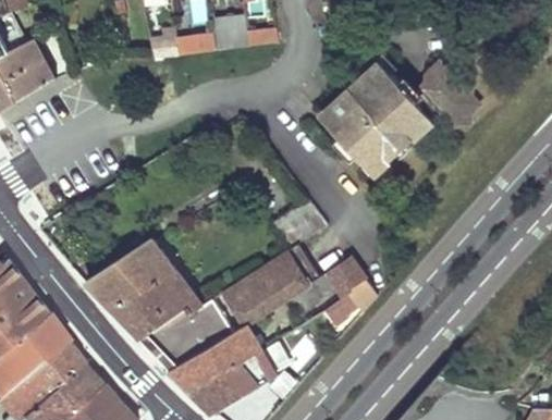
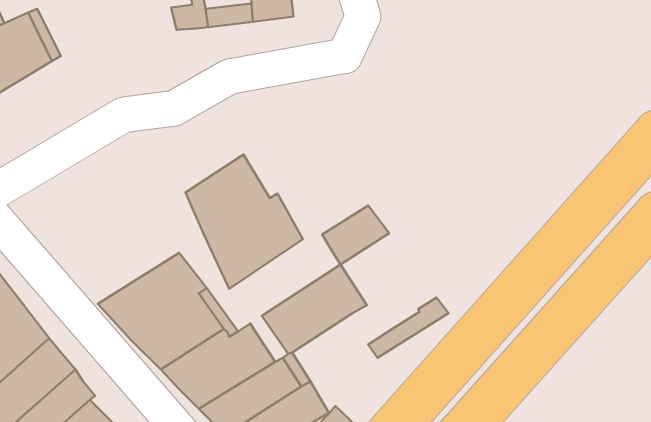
building: [323,63,479,173] -> none
building: none -> [186,155,303,289]
building: [297,257,367,307] -> none

